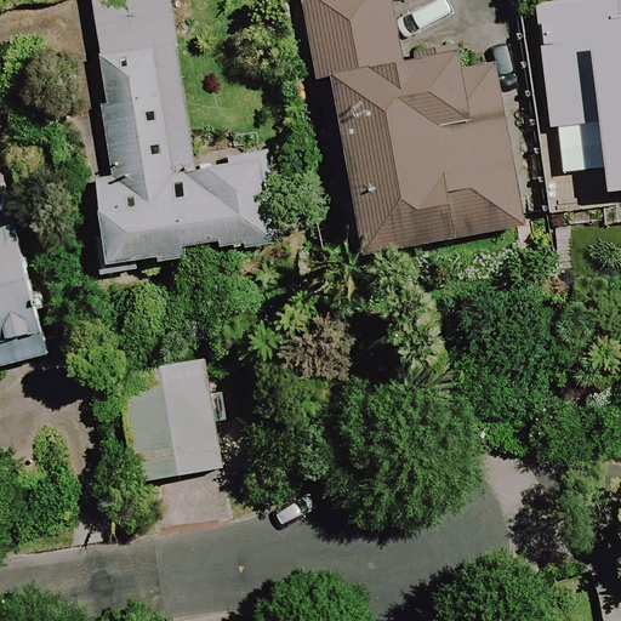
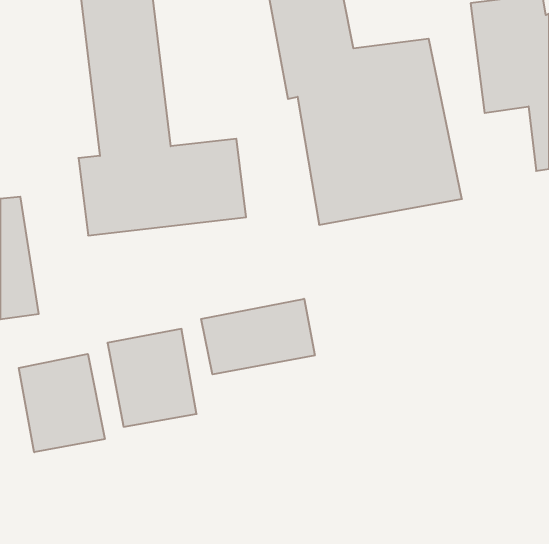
building: none -> [201,299,315,374]
building: none -> [19,354,105,452]

